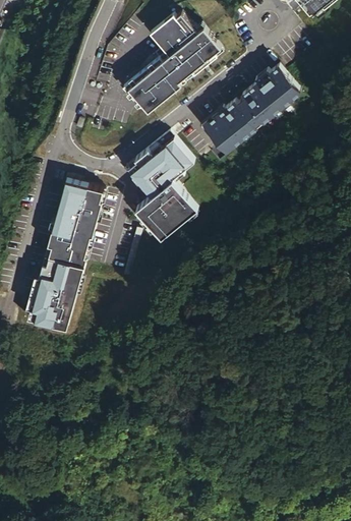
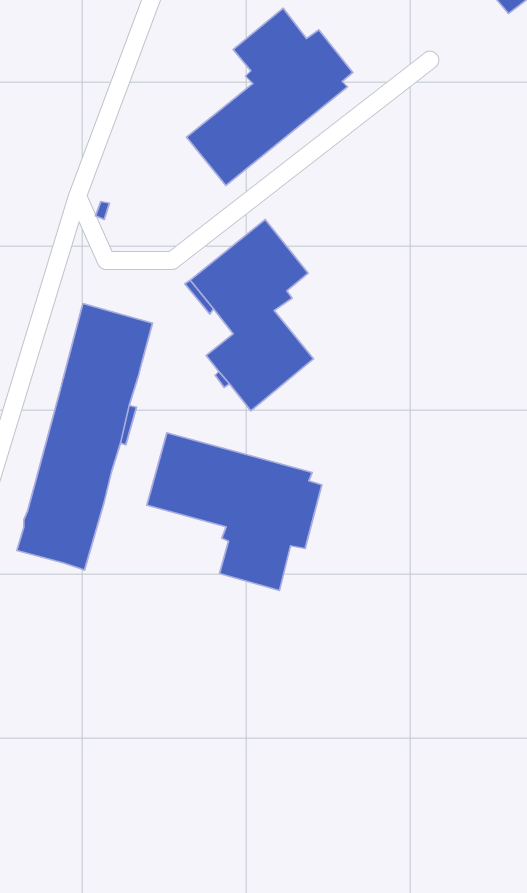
building: [203,65,298,152] -> none
building: none -> [147,433,322,590]

